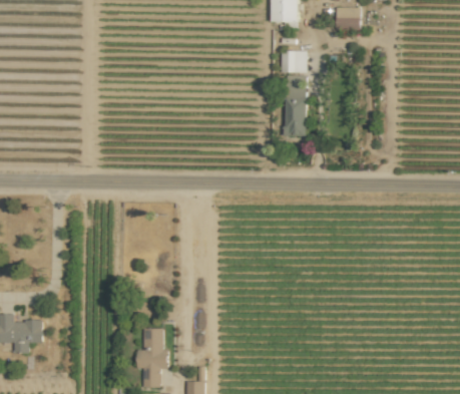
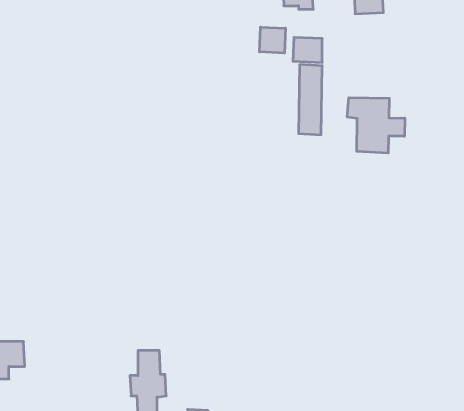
building: none -> [260,27,285,53]
building: none -> [347,98,405,153]

